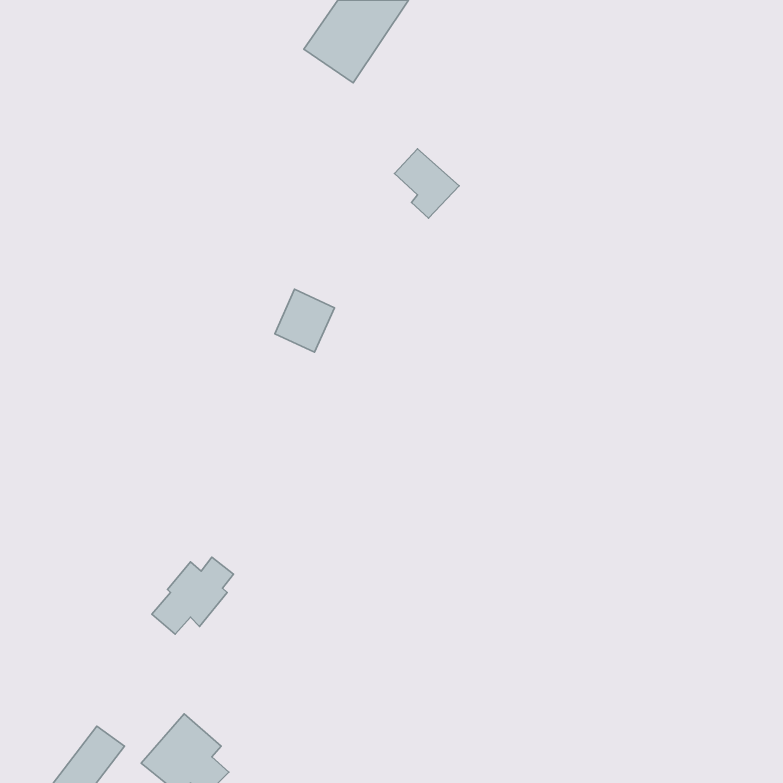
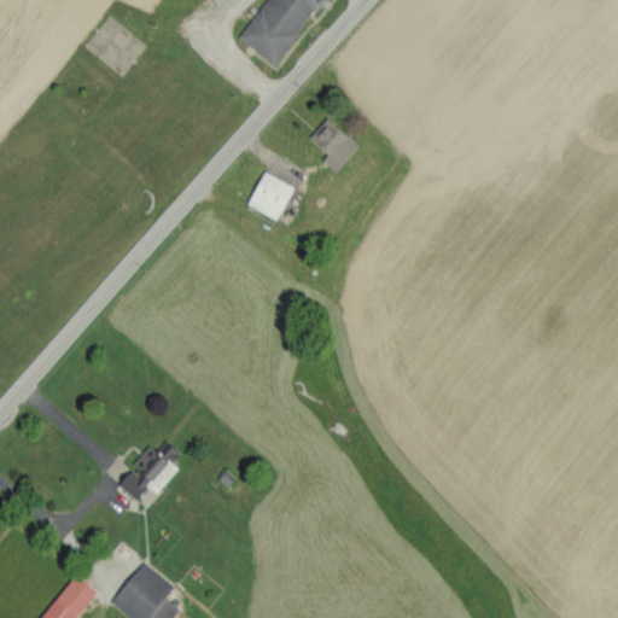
building: [275,289,335,352] -> [247,171,295,221]

